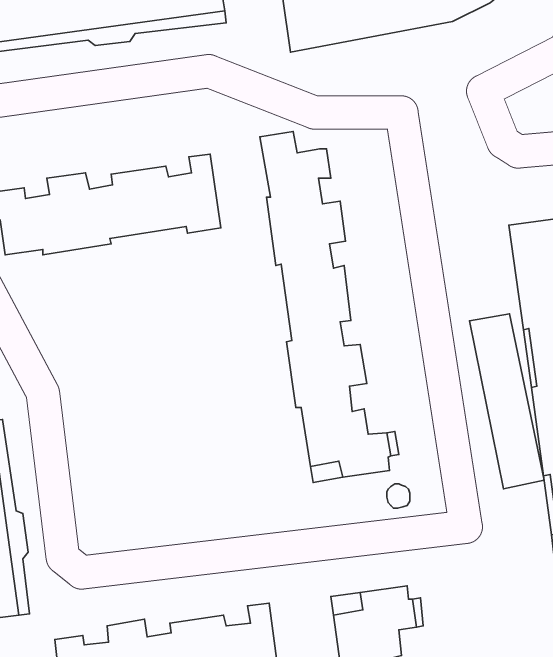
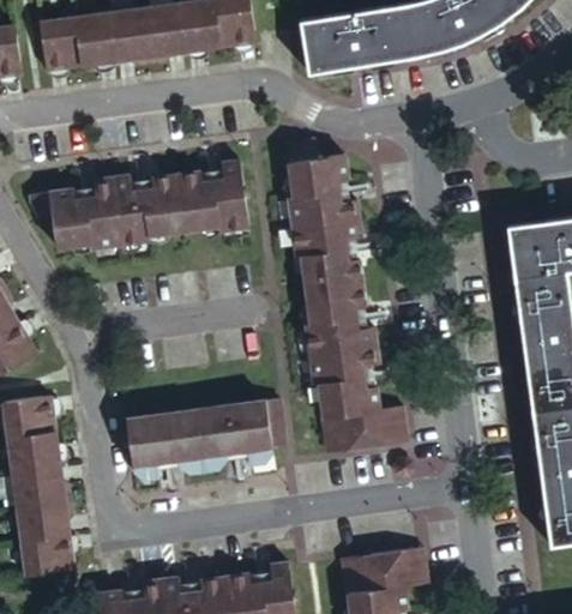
building: [469,314,544,489] -> none
building: none -> [126,399,287,482]

